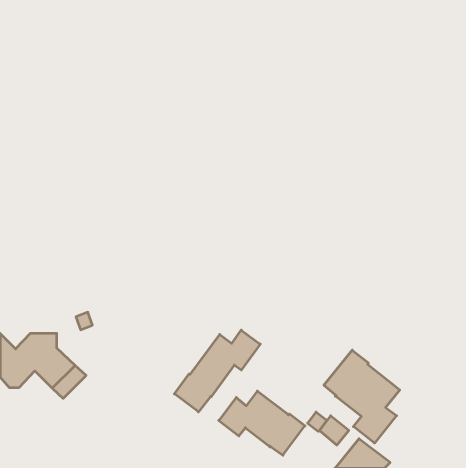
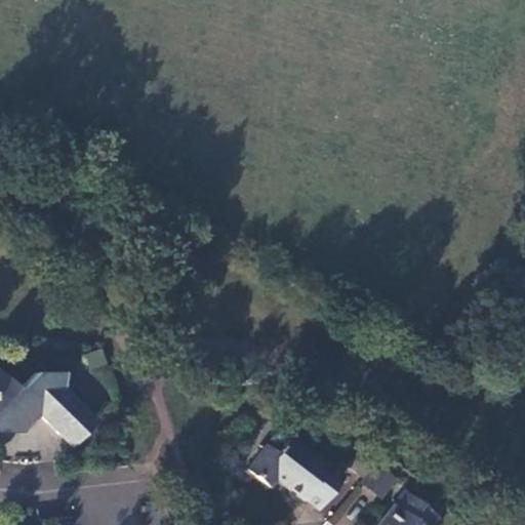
building: [174,330,260,412] -> none
building: [324,350,400,443] -> none

